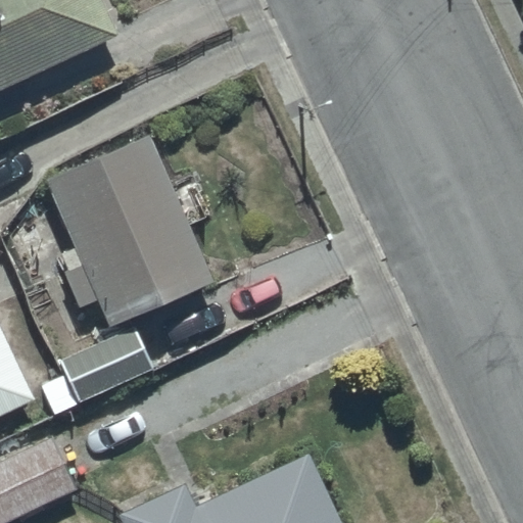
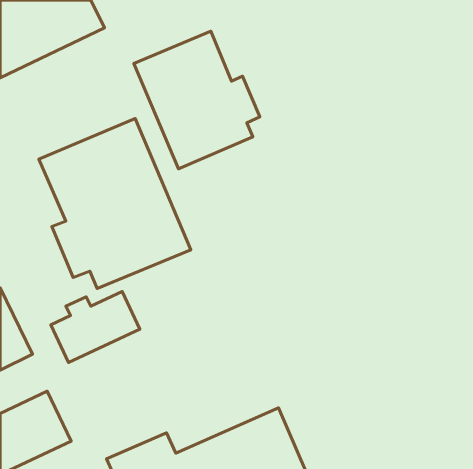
building: none -> [134,31,260,169]

